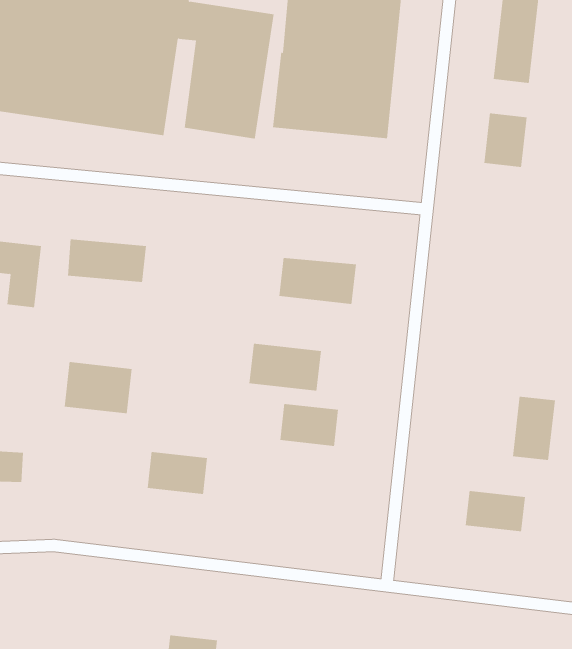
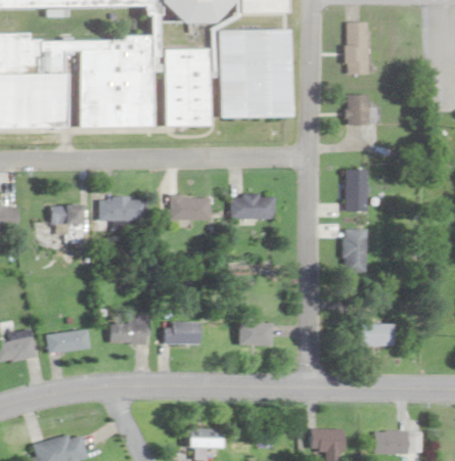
building: none -> [348,169,368,206]
building: [249,343,322,391] -> [170,195,212,220]
building: [64,362,132,414] -> [110,315,149,342]
building: [512,396,556,461] -> [346,235,368,272]
building: [279,403,339,446] -> [239,322,273,344]

